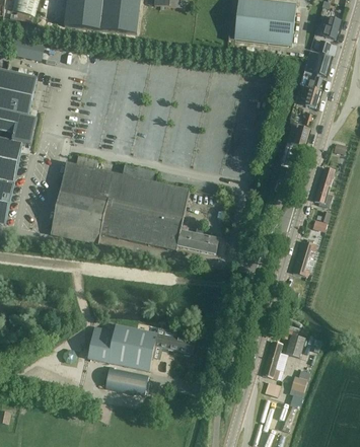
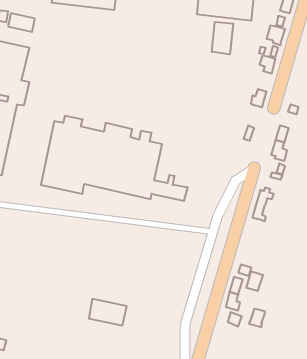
building: none -> [212,22,233,54]
building: [87,324,195,370] -> none

